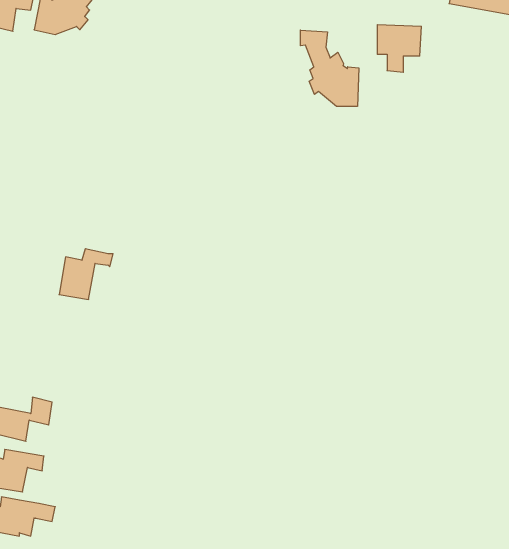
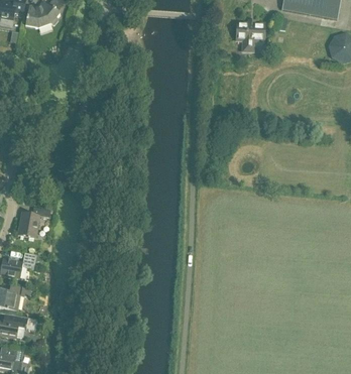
building: [300,30,359,106] -> none
building: [59,249,113,299] -> [15,206,48,237]

